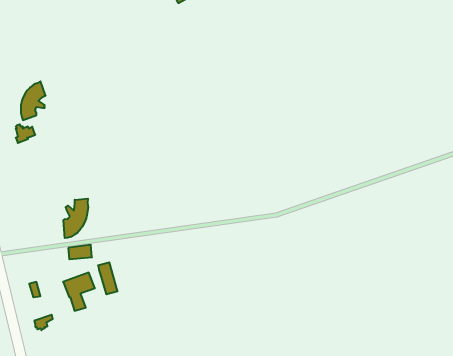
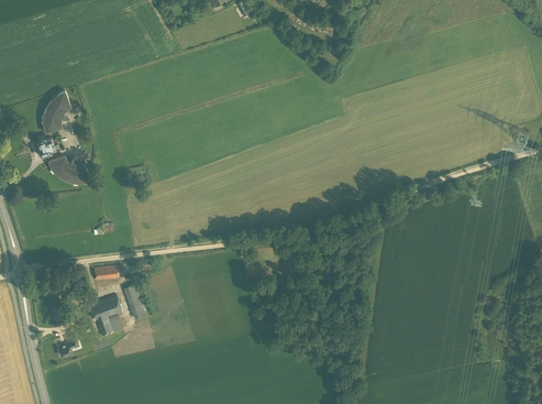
building: none -> [47,155,90,183]
building: [63,199,88,238] -> none

